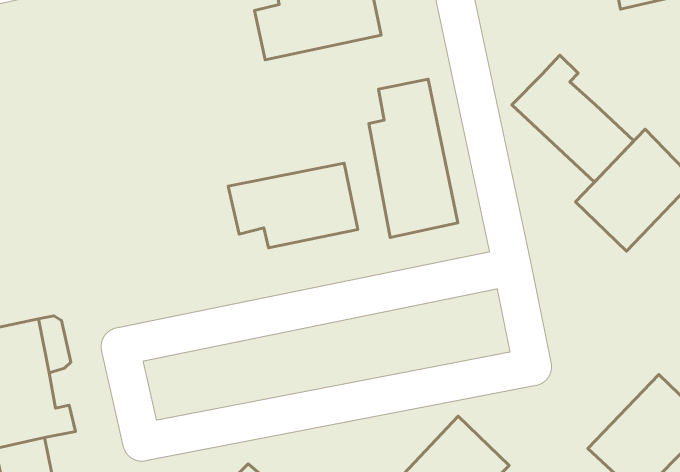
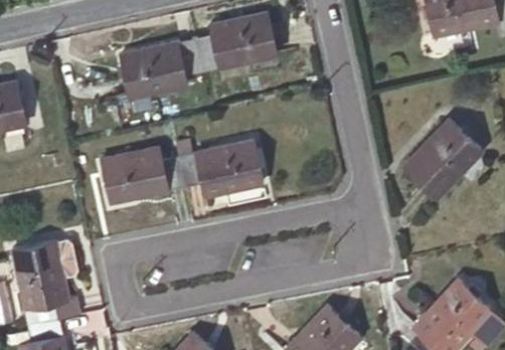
building: none -> [119,40,201,100]
building: [512,55,634,182] -> none
building: [369,79,458,237] -> none
building: none -> [100,146,184,201]

